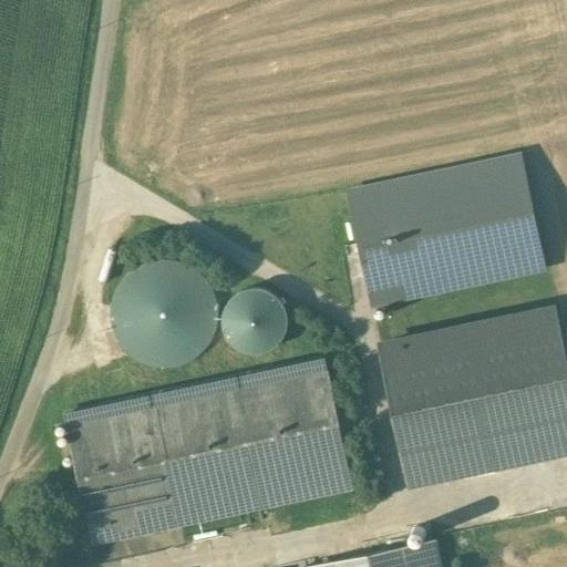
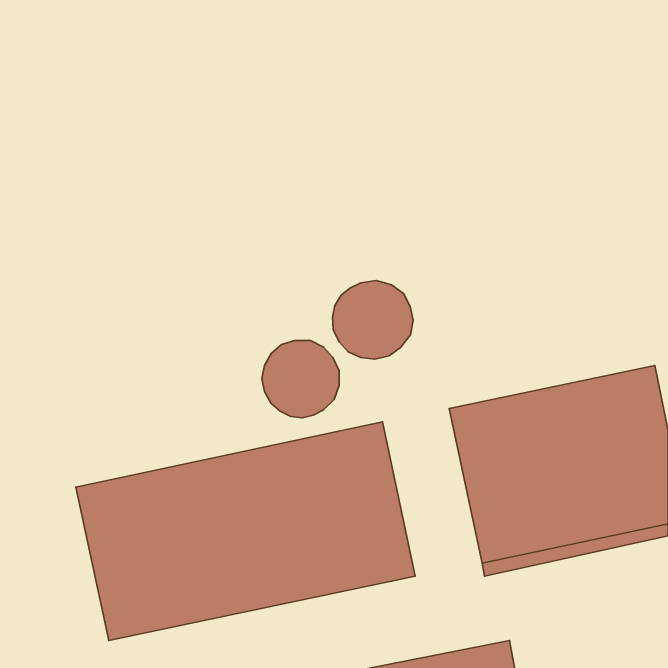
building: [347,158,544,305] -> none
building: none -> [333,281,413,359]
building: [110,259,218,368] -> none

